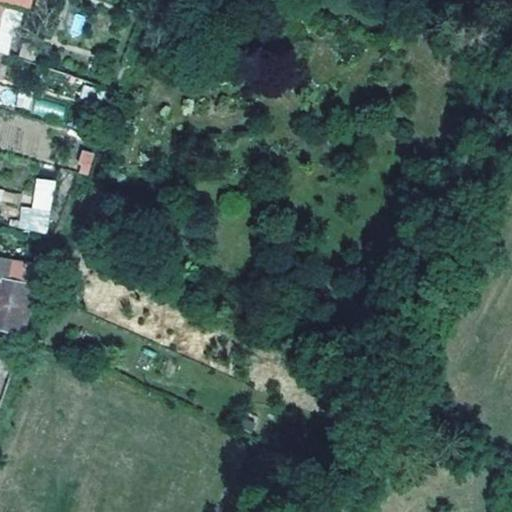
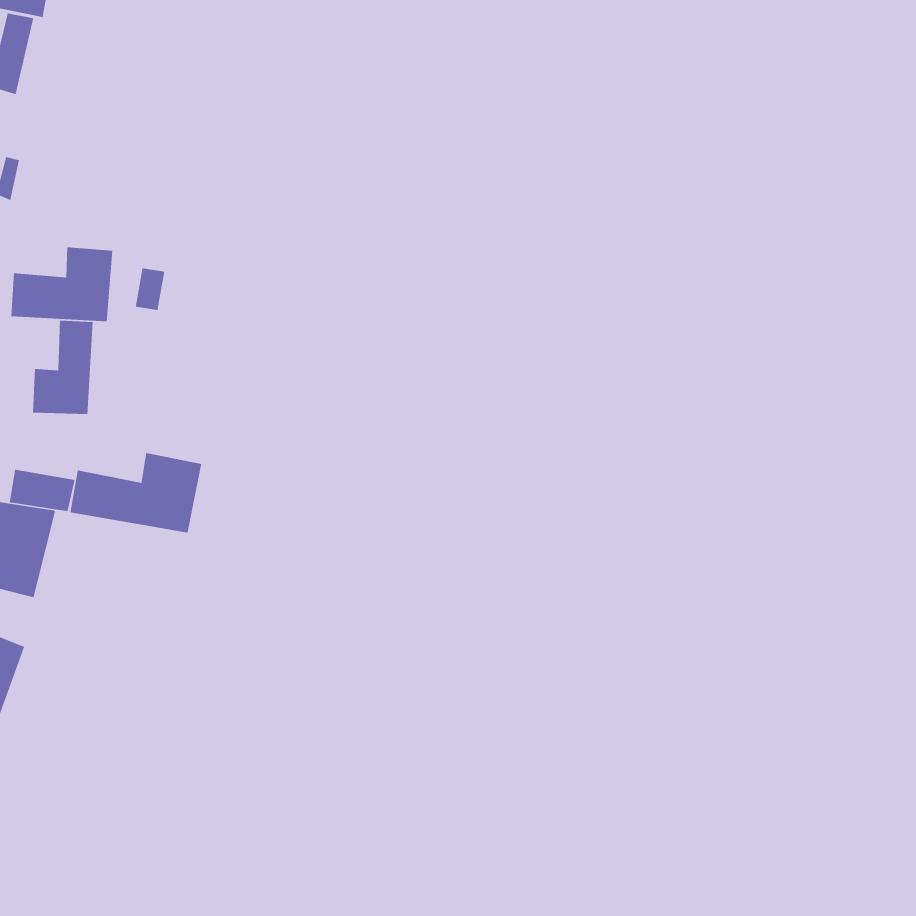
building: none -> [11,246,113,322]
building: none -> [69,452,202,534]

